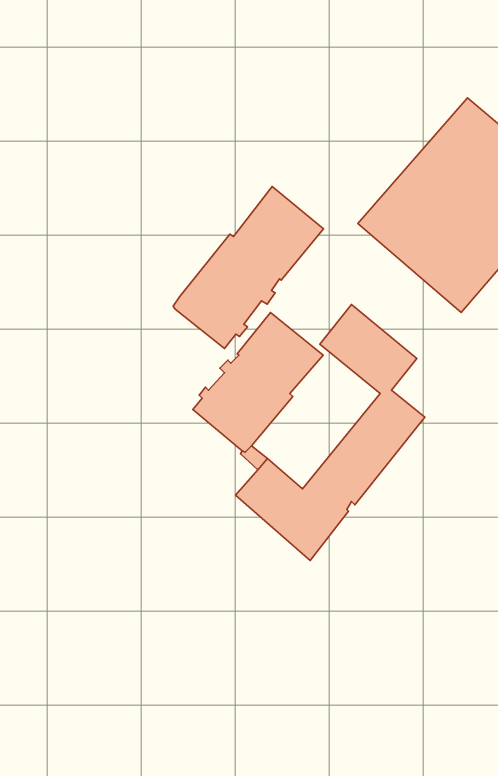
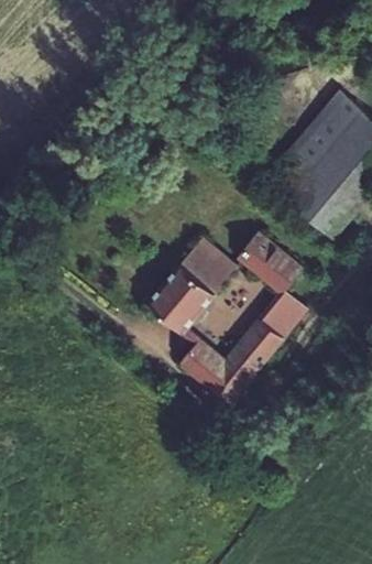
building: [173,187,323,348] -> none

